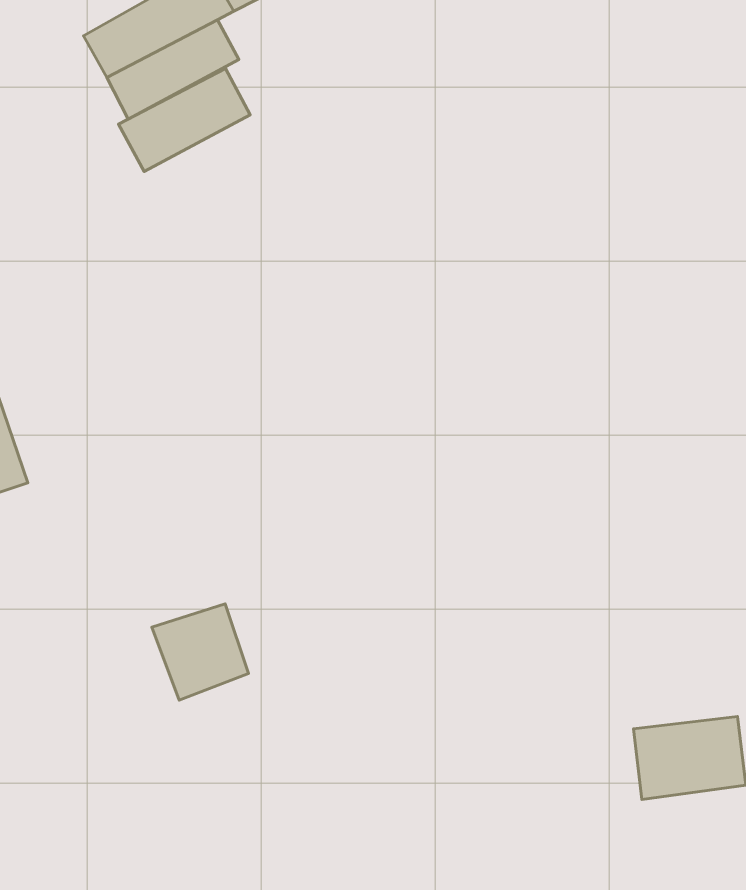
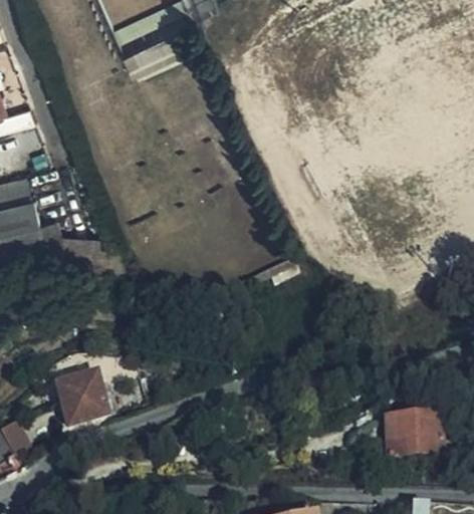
building: [119,69,250,172] -> none
building: [152,604,248,700] -> [52,369,102,420]

